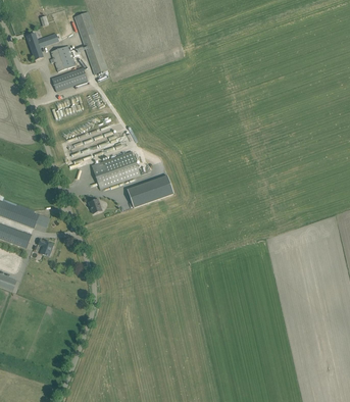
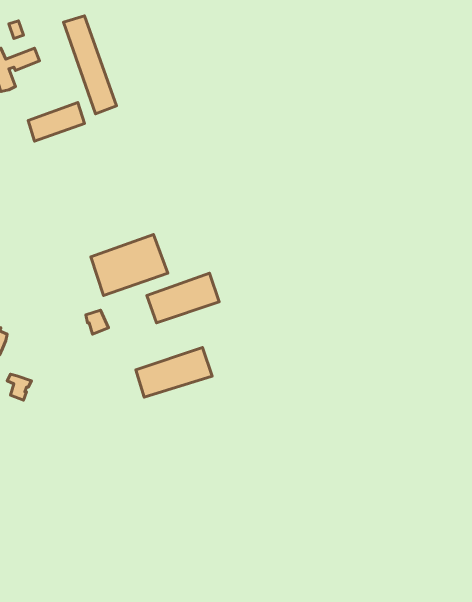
building: [49,45,76,70] -> none
building: none -> [136,347,212,397]

